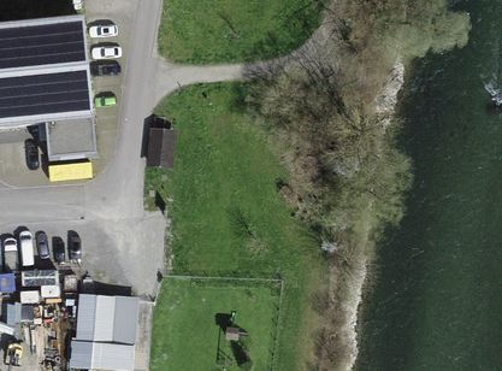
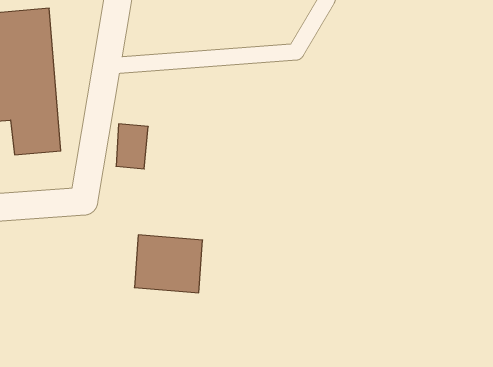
building: [75,294,138,348] -> [134,235,203,293]

